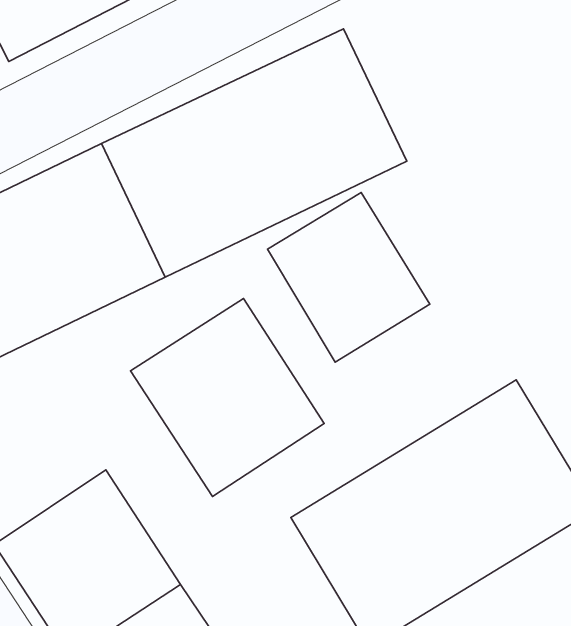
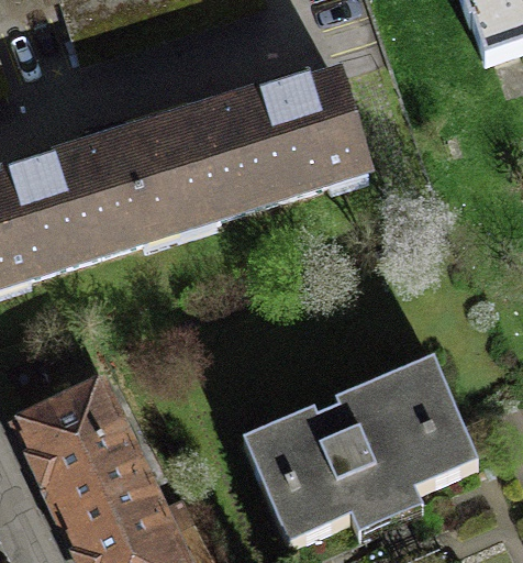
building: [267,192,430,362] -> none
building: [130,298,324,497] -> none

